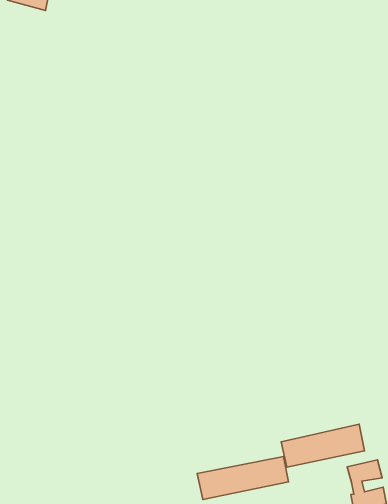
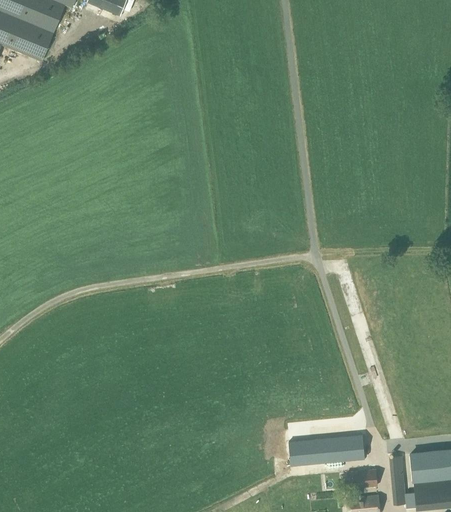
building: [197,456,289,500] -> none

